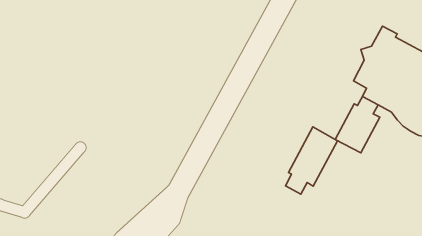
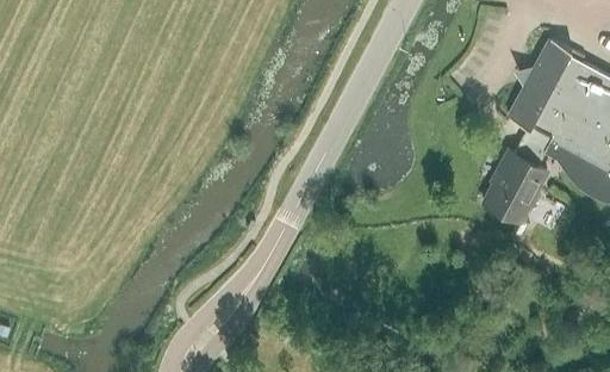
building: [285,127,338,194] -> none

